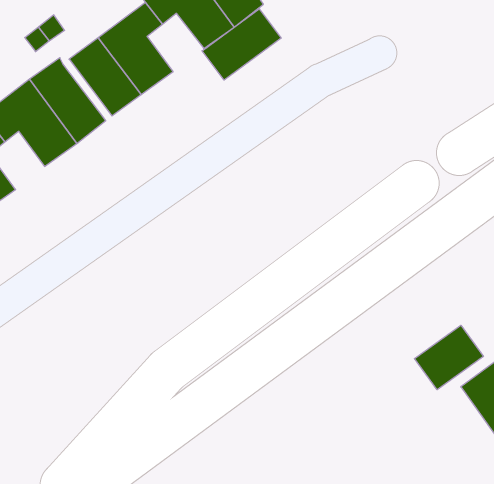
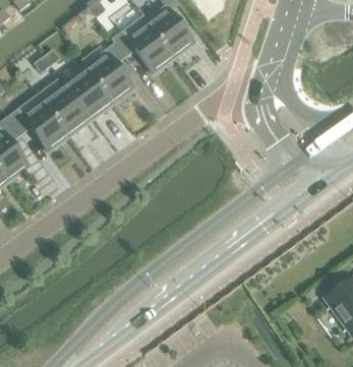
building: [202,9,281,80] -> none
building: [414,325,483,390] -> none

